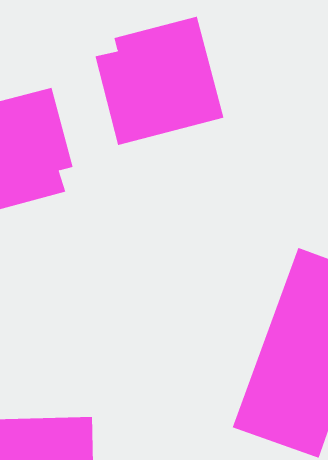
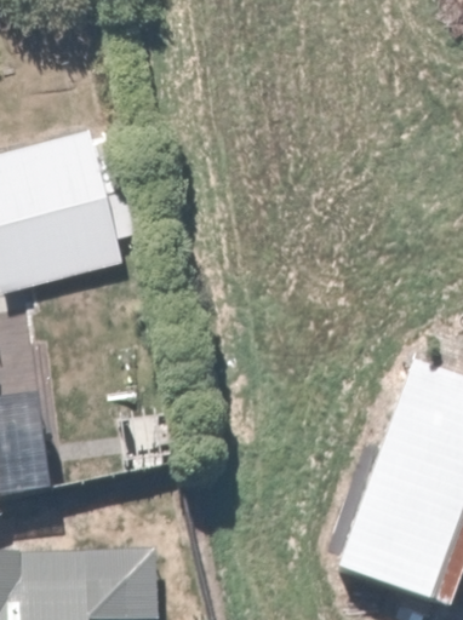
building: [95,16,224,146] -> none

